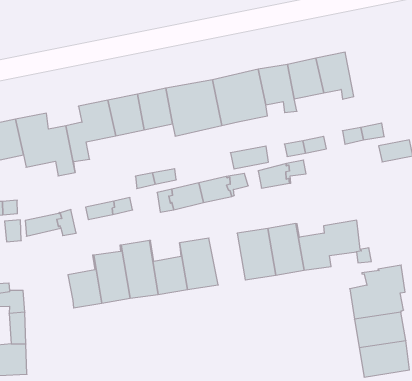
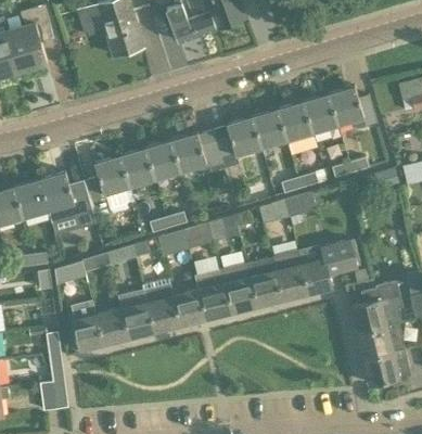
building: none -> [329,88,376,130]
building: none -> [220,266,256,314]
building: none -> [71,302,104,350]

